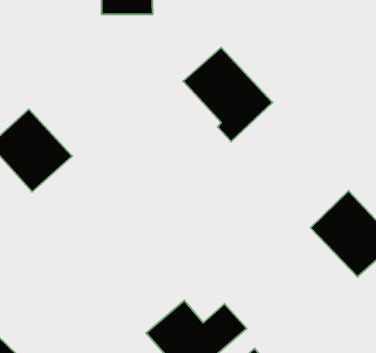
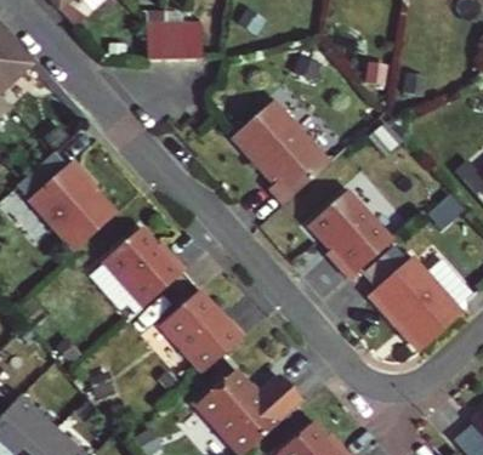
building: none -> [311,186,396,273]
building: none -> [102,229,184,309]
building: none -> [159,291,244,374]

